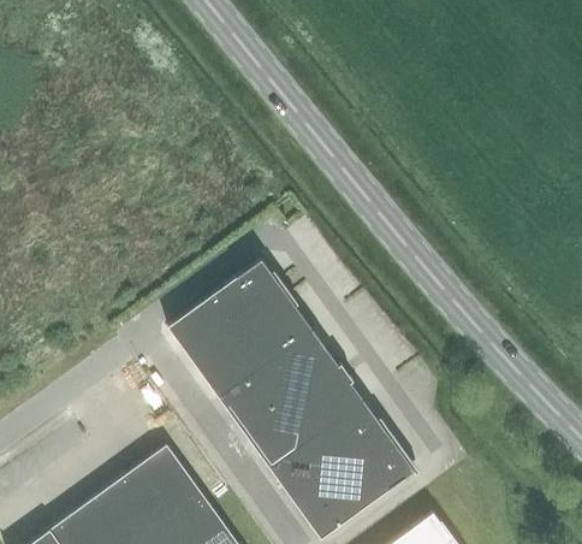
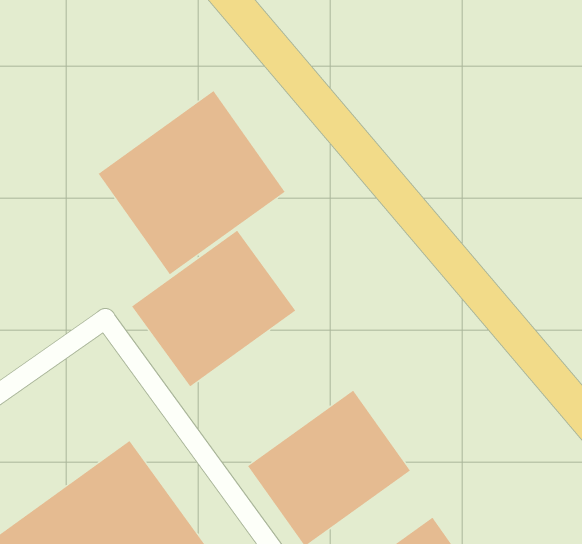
building: none -> [98,90,286,275]
building: [220,331,364,468] -> none

